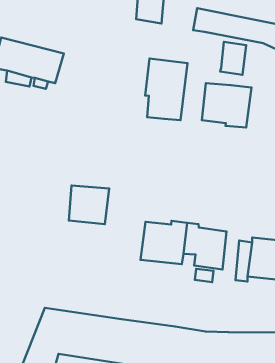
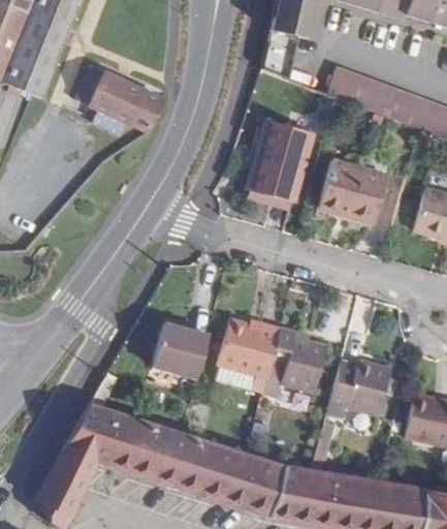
building: [220,42,246,75] -> none
building: [69,185,109,224] -> [154,323,210,377]

